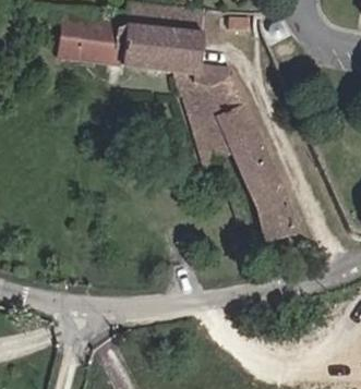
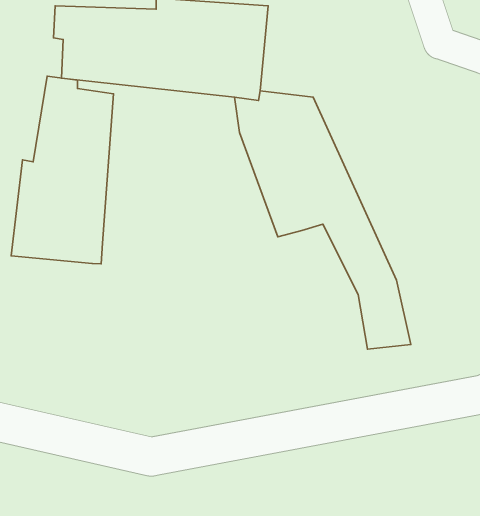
building: none -> [11,76,114,264]

